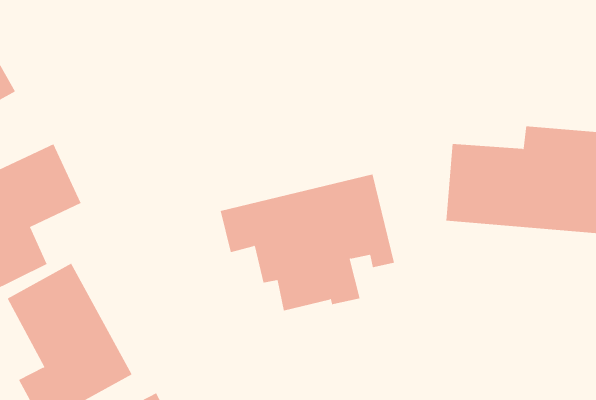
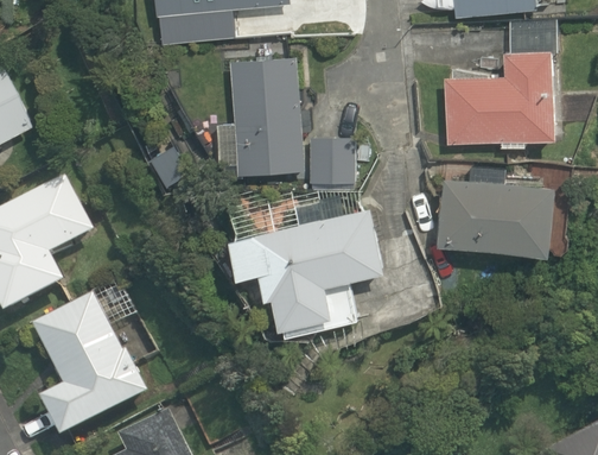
building: none -> [438,51,564,141]
building: none -> [205,53,350,179]

